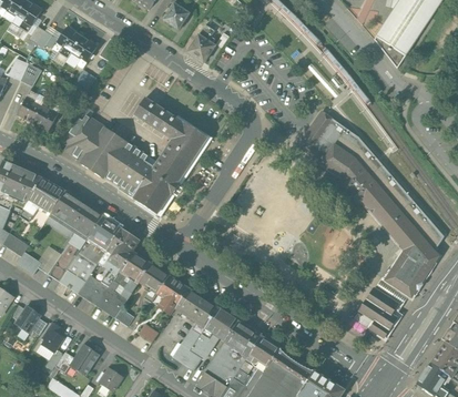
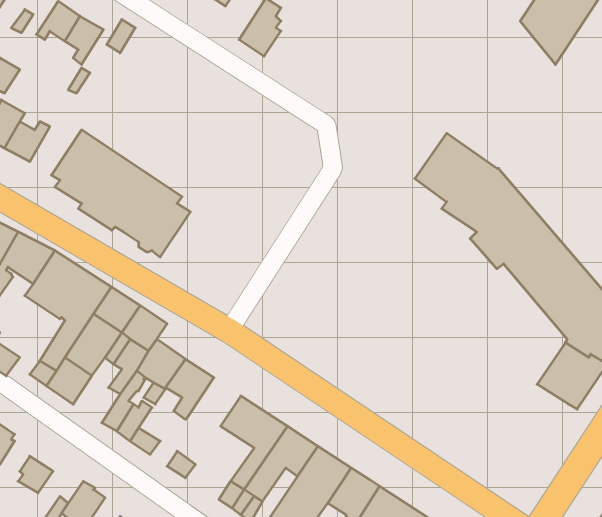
building: [133,96,207,214] -> none
building: [78,274,109,305] -> none
building: [153,275,189,314] -> none
building: [359,279,406,337] -> none

